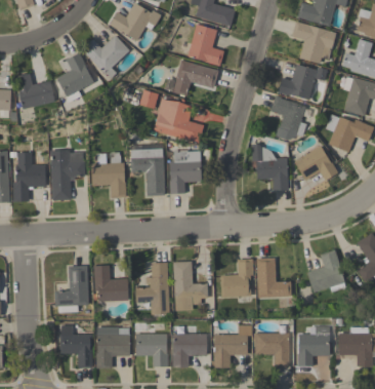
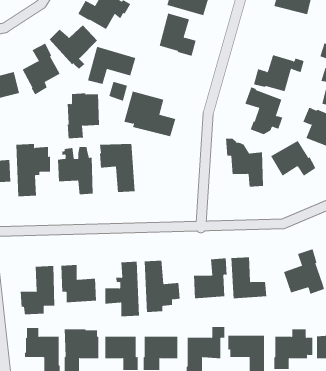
building: [291,21,336,64] -> none
building: [171,60,218,96] -> [87,46,136,85]
building: [169,150,201,194] -> [67,93,100,139]

